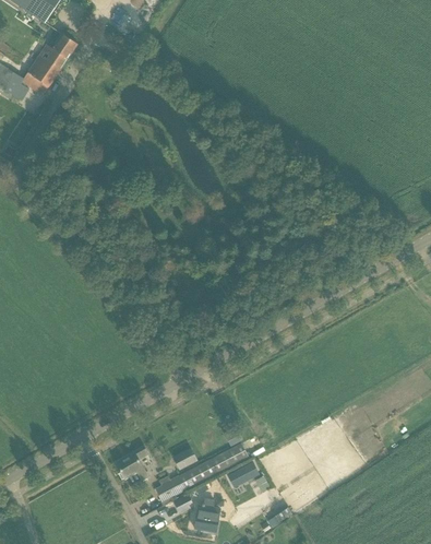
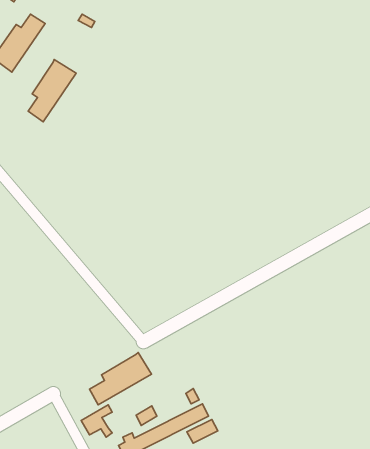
building: none -> [28,59,76,122]
building: none -> [90,353,152,405]

